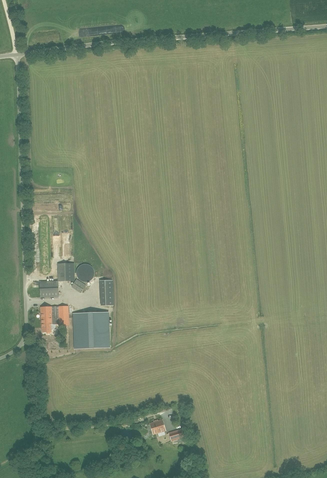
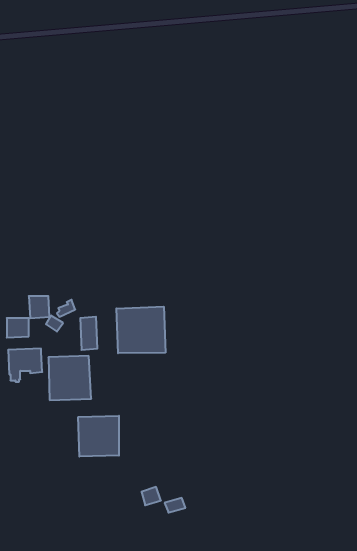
building: none -> [116,307,165,353]
building: none -> [78,416,119,457]

